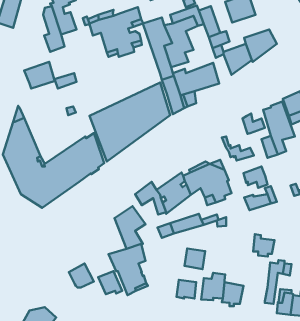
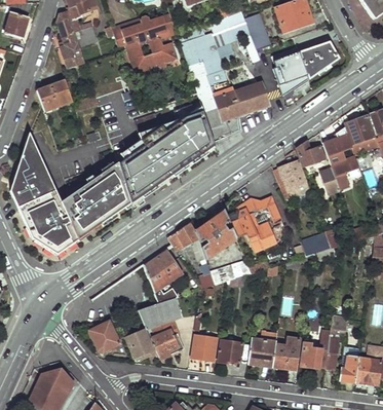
building: [244,166,268,188] -> [277,160,306,186]
building: [253,234,275,256] -> [301,342,327,369]
building: [184,249,205,269] -> [191,336,216,361]

